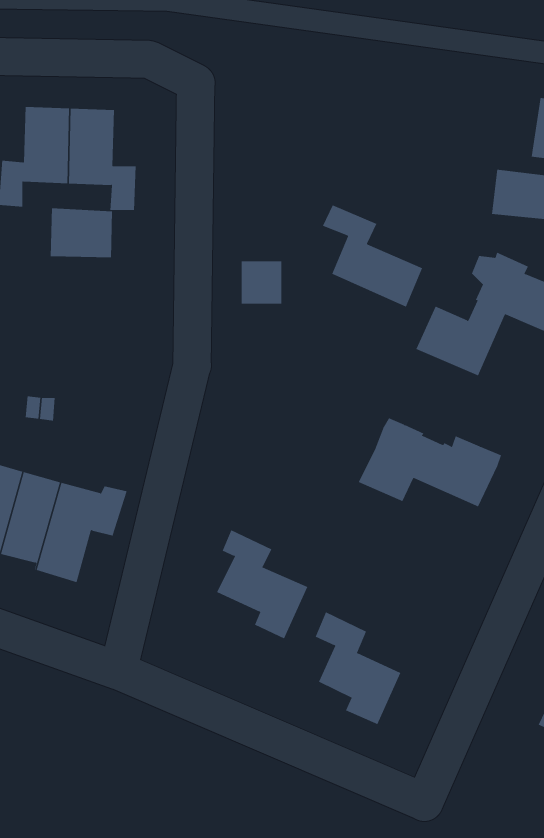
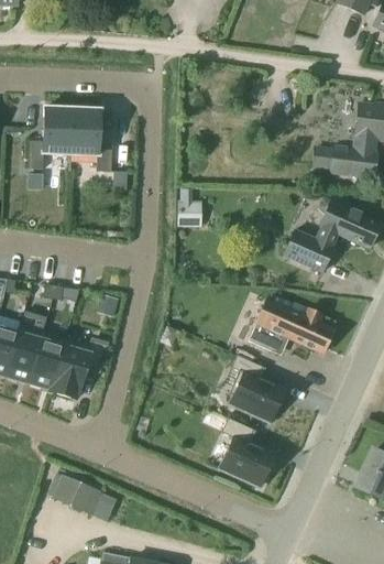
building: [322,205,423,307] -> none
building: [50,208,113,258] -> none
building: [216,529,308,639] -> [228,354,284,421]
building: none -> [50,475,98,516]

